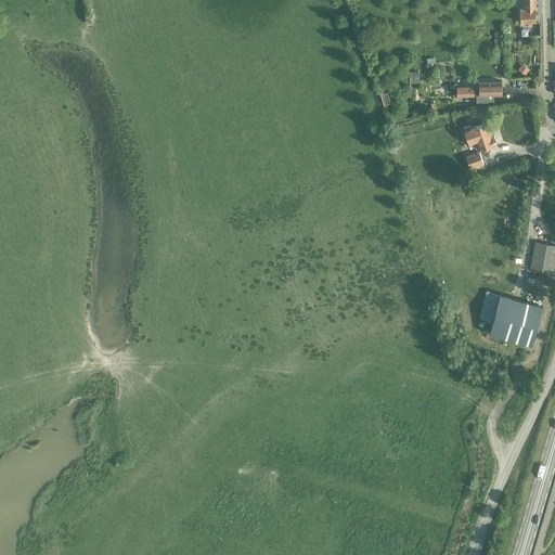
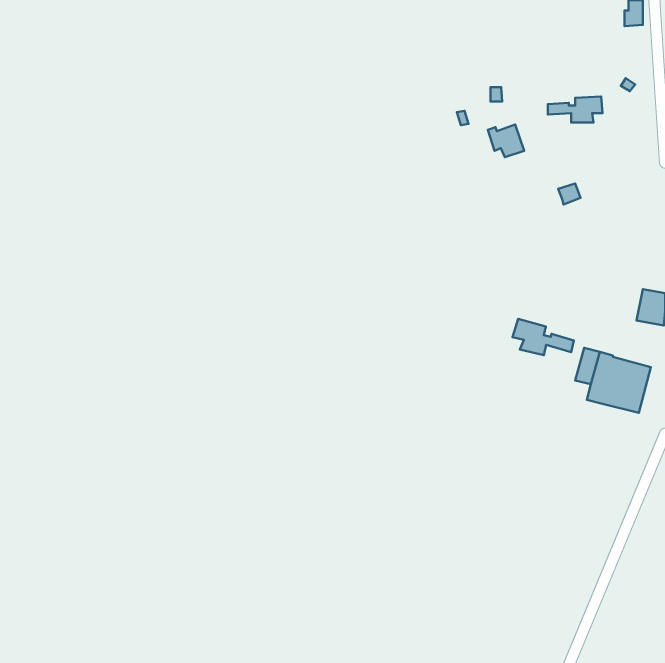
building: [464,125,494,152] -> [488,125,524,157]
building: none -> [512,319,574,355]

